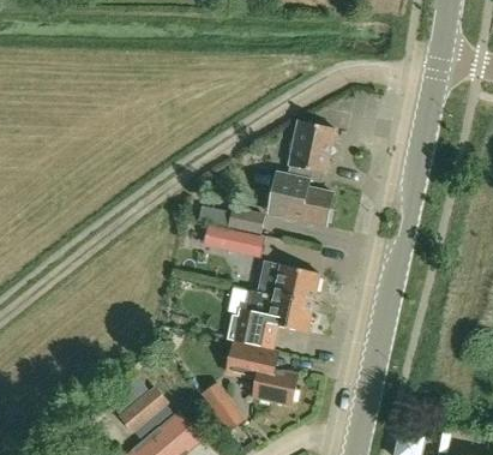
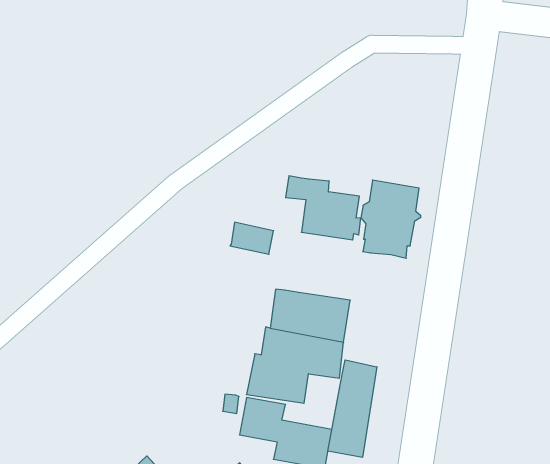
building: [287,120,333,182] -> [361,180,421,258]
building: [220,231,255,264] -> none
building: none -> [328,360,377,457]

